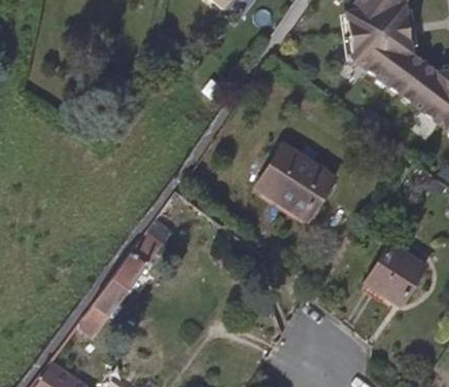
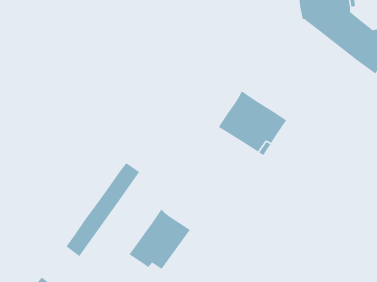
building: [366,243,427,306] -> none
building: none -> [129,209,191,270]

